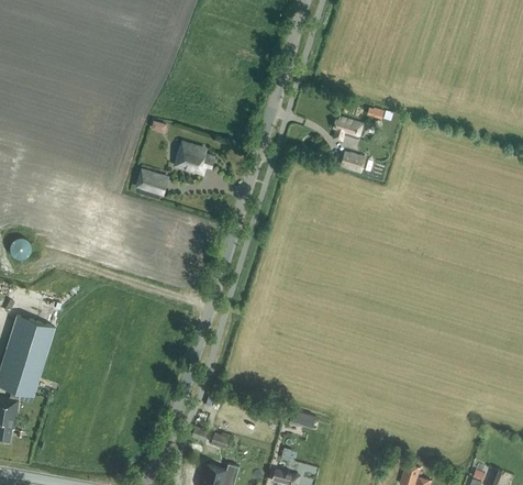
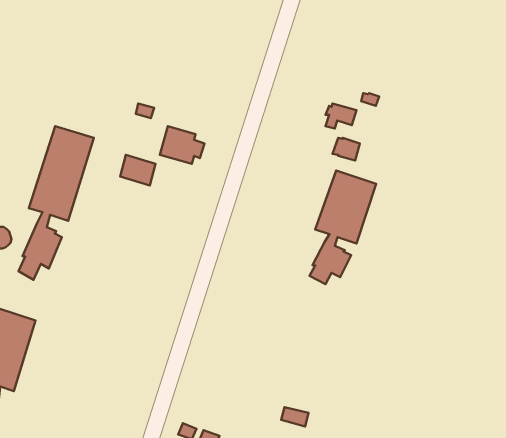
building: none -> [19,126,94,280]
building: none -> [309,171,376,284]

